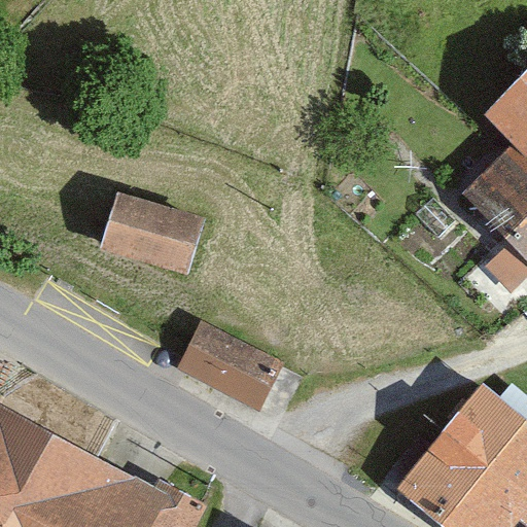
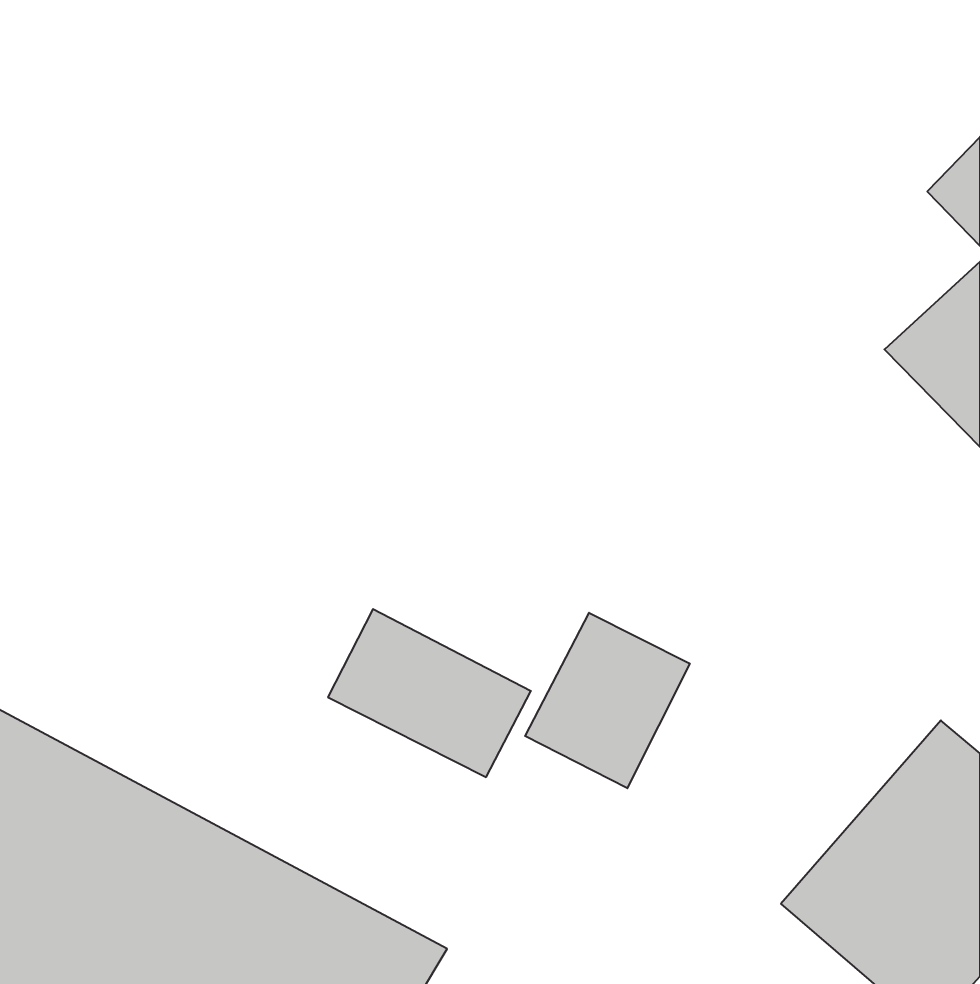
building: [98,194,202,279] -> none
building: none -> [525,613,690,788]

